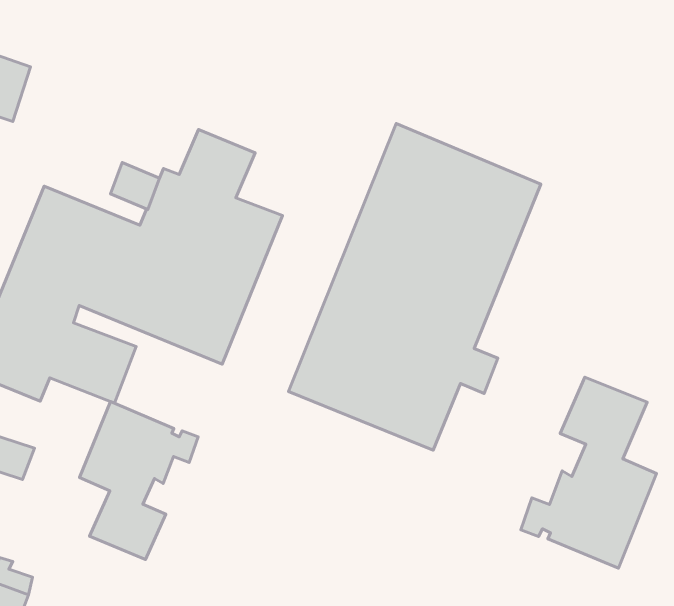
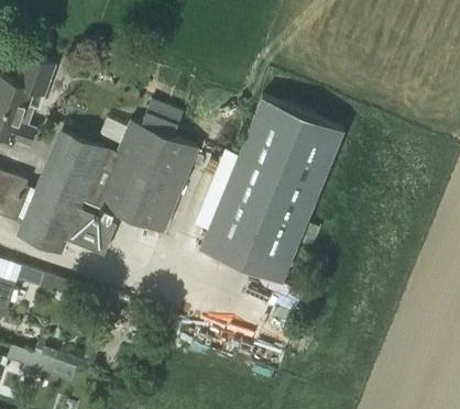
building: [521,377,656,568] -> none
building: [79,402,198,559] -> none

